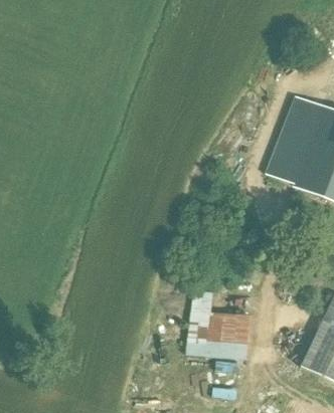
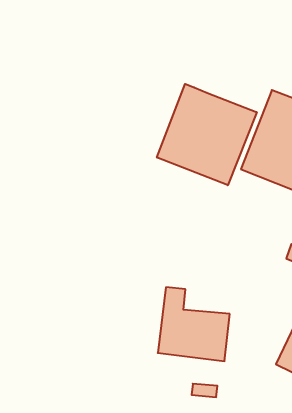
building: none -> [157,84,257,185]

